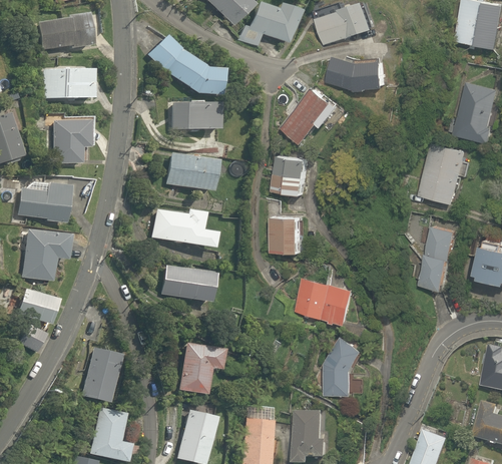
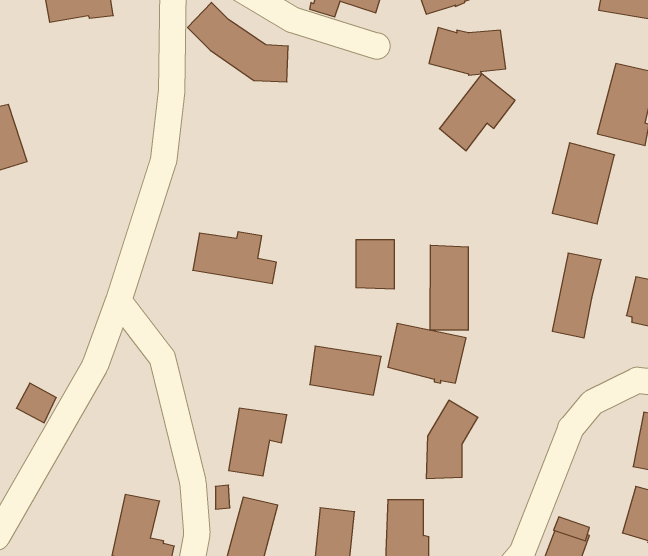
building: [42,69,92,99] -> none
building: [284,85,341,143] -> [439,74,515,151]
building: [170,100,219,130] -> none
building: [53,119,88,163] -> none
building: [165,152,215,191] -> none
building: [277,153,310,194] -> none
building: [17,182,68,223] -> none
building: none -> [430,245,468,330]
building: [22,229,69,281] -> none
building: [160,265,214,302] -> [310,346,381,395]
building: [15,289,55,324] -> none
building: [81,347,119,401] -> none

